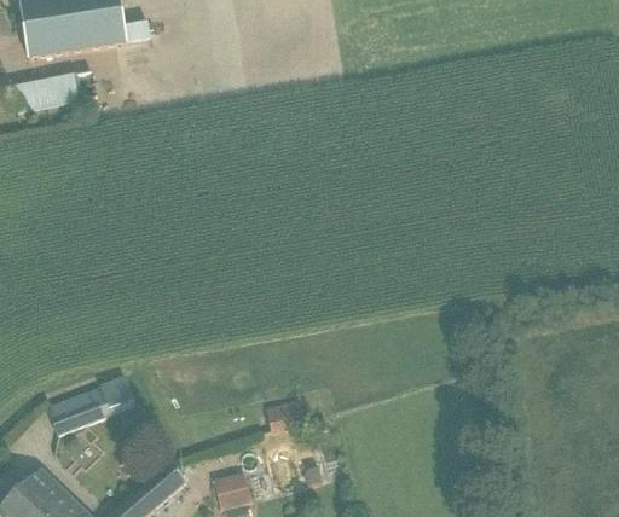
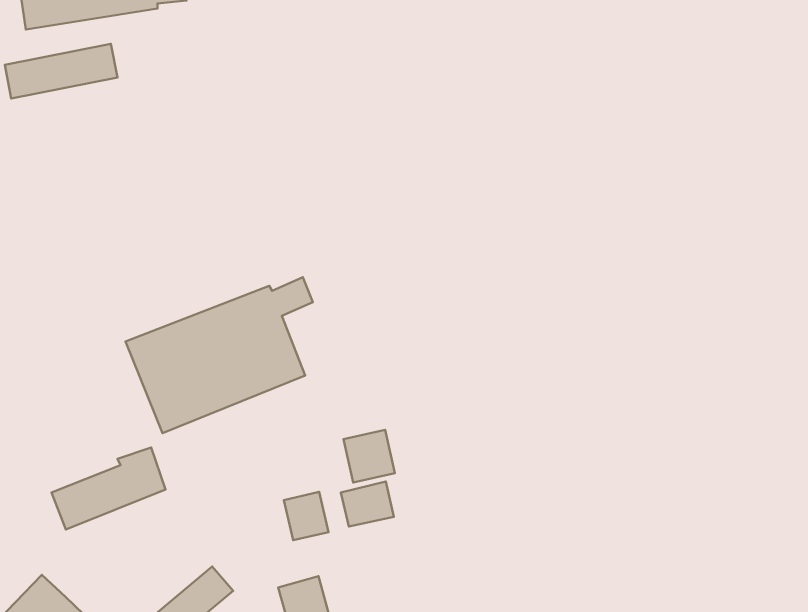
building: none -> [125,277,313,433]
building: none -> [343,430,395,483]
building: none -> [284,492,328,540]

